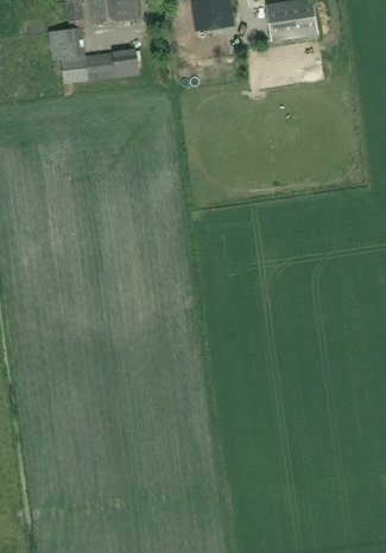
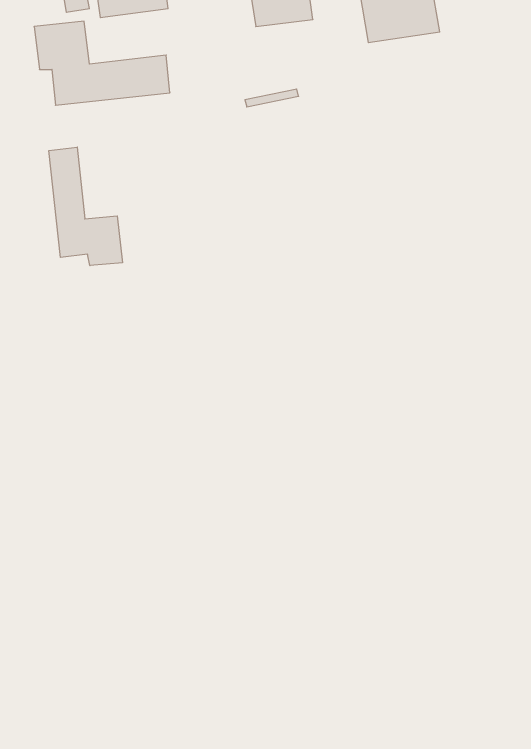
building: none -> [49,147,122,266]

